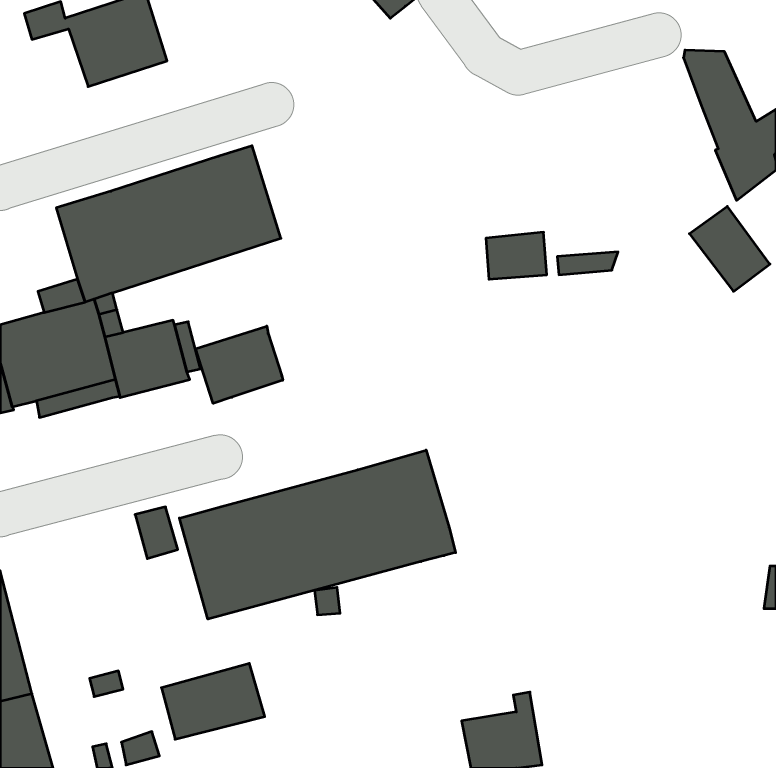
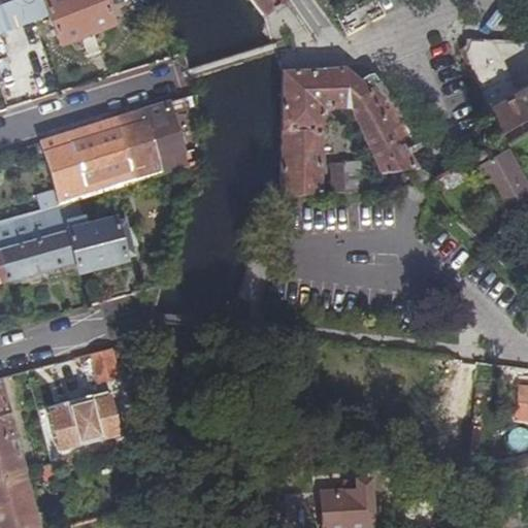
building: none -> [280,62,427,195]
building: [195,326,283,403] -> none
building: [179,450,456,619] -> none
building: [161,663,265,739] -> [51,394,121,446]

